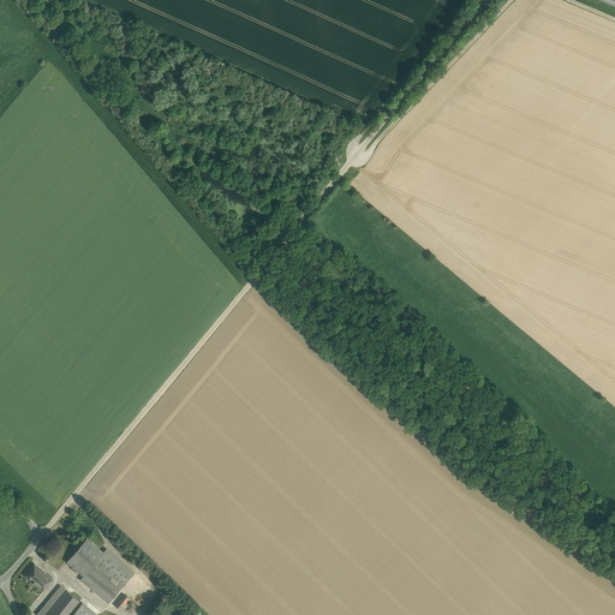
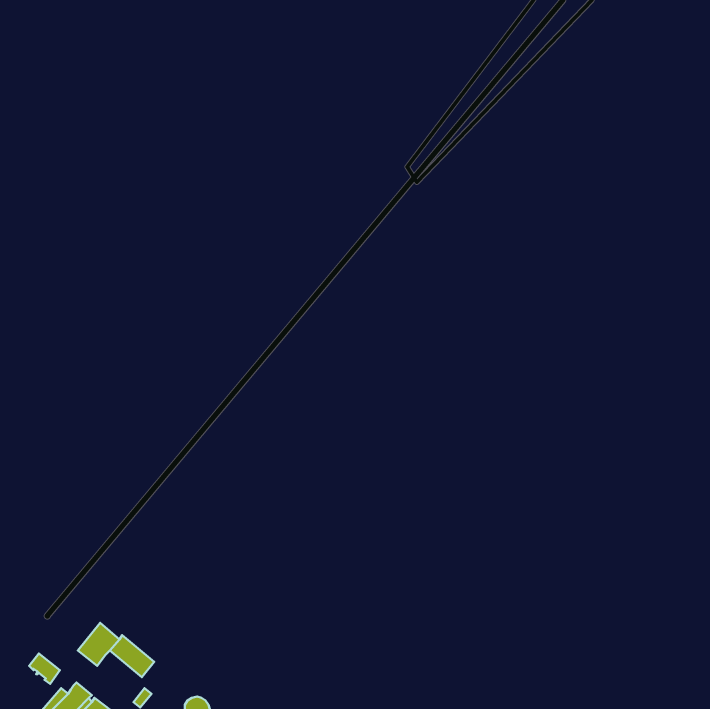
building: [80,567,119,604] -> none

